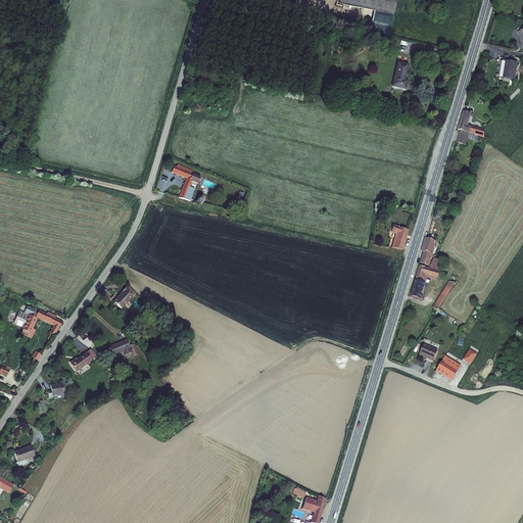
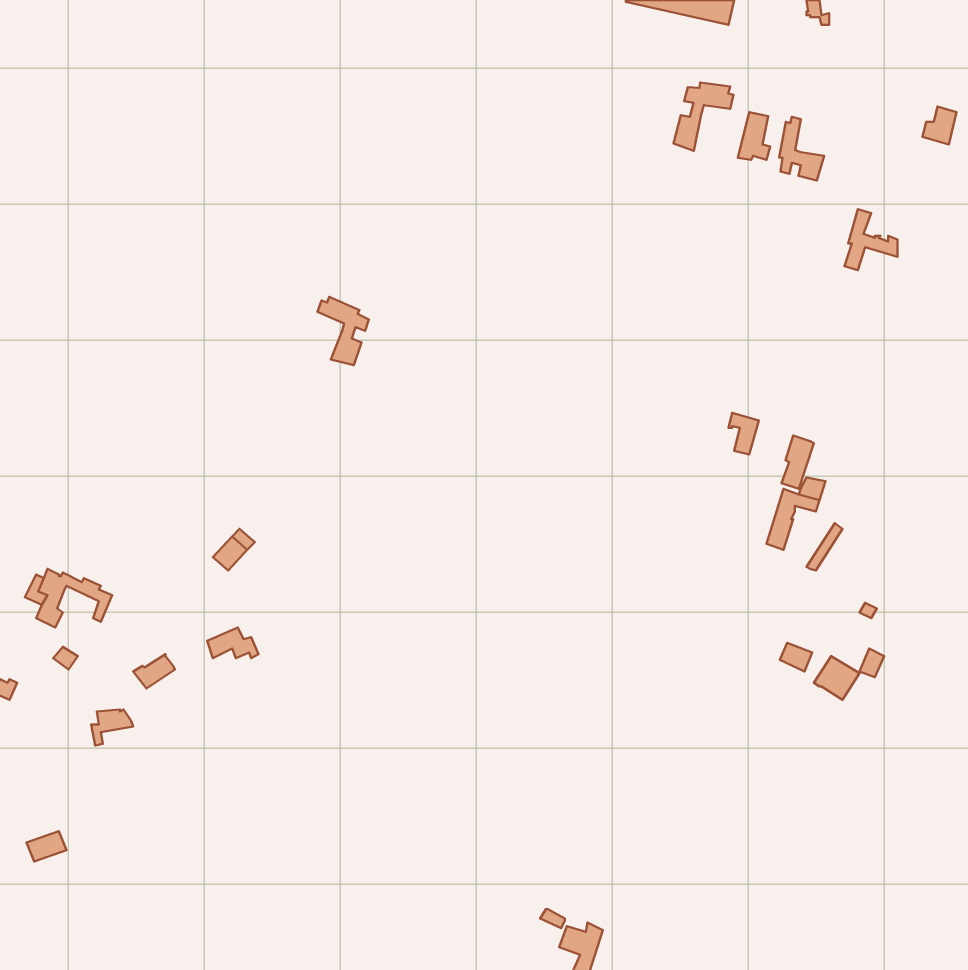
building: none -> [674,83,734,151]
building: none -> [779,117,824,181]

